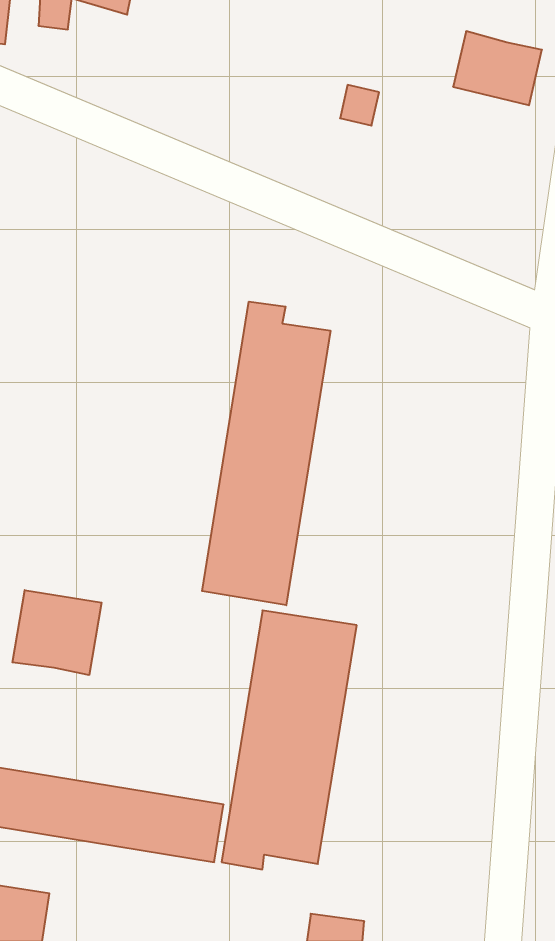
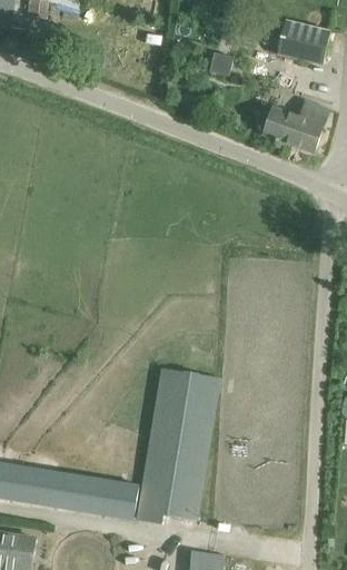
building: none -> [261,100,328,151]
building: [202,302,330,605] -> none
building: [12,590,102,675] -> none

